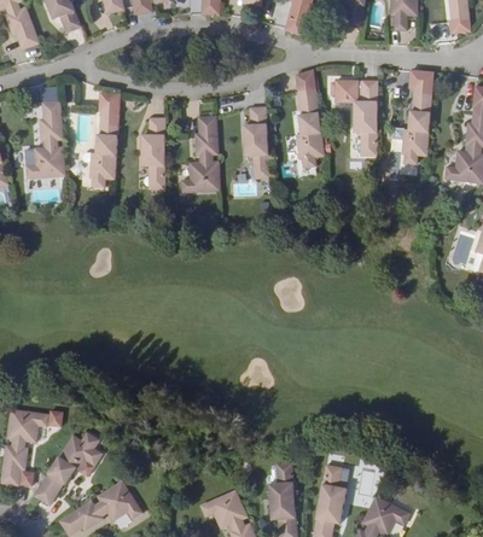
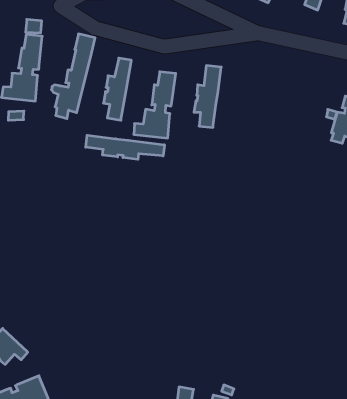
building: [331,77,377,147] -> none
building: [296,88,324,167] -> none
building: none -> [86,135,164,159]

